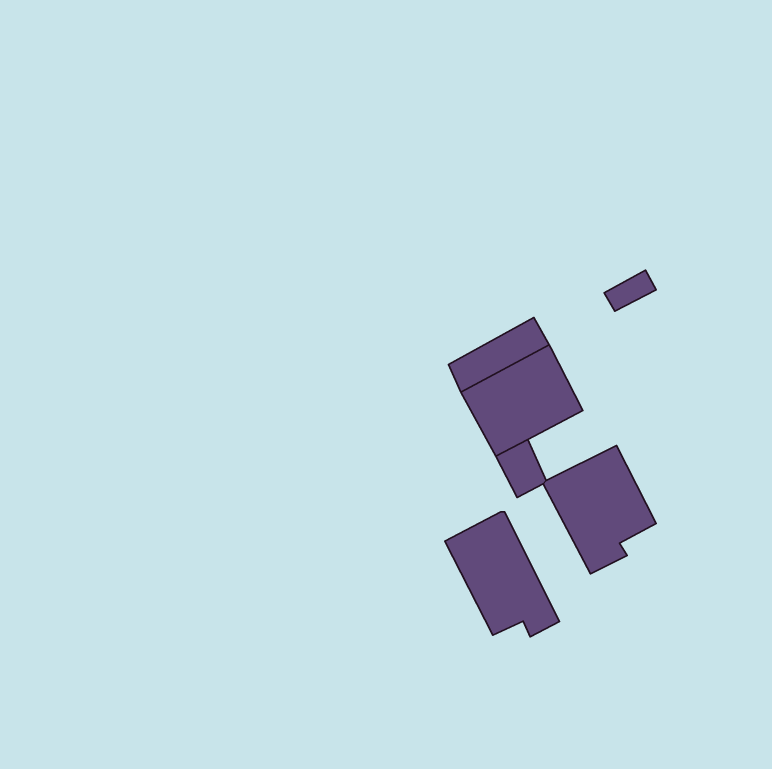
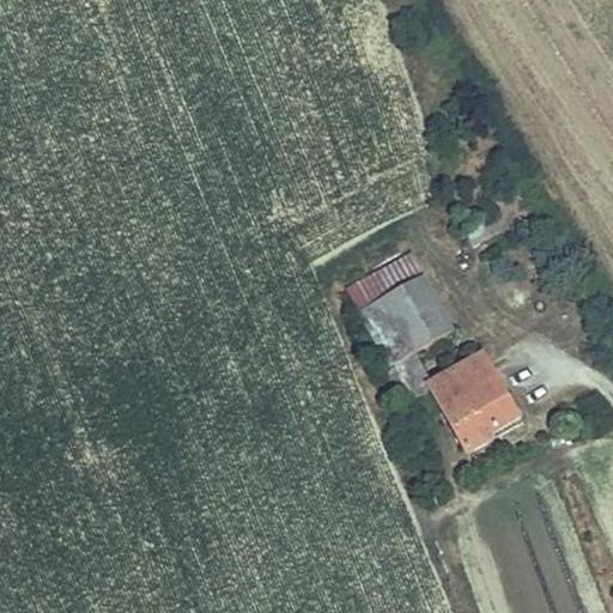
building: [445,512,559,637] -> none

